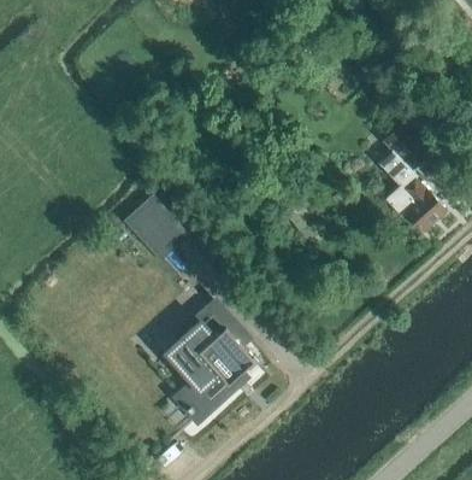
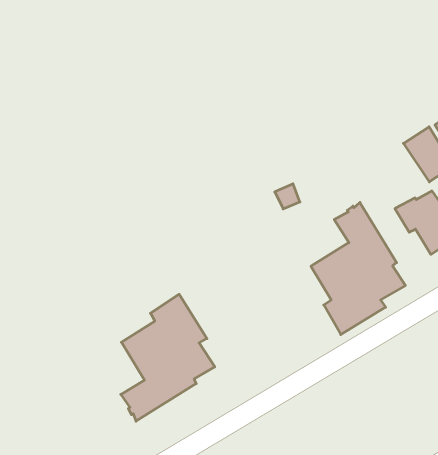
building: none -> [311,202,405,335]
building: [128,204,178,256] -> none

